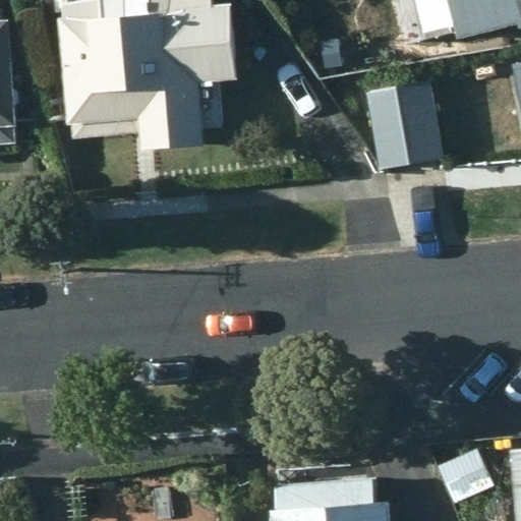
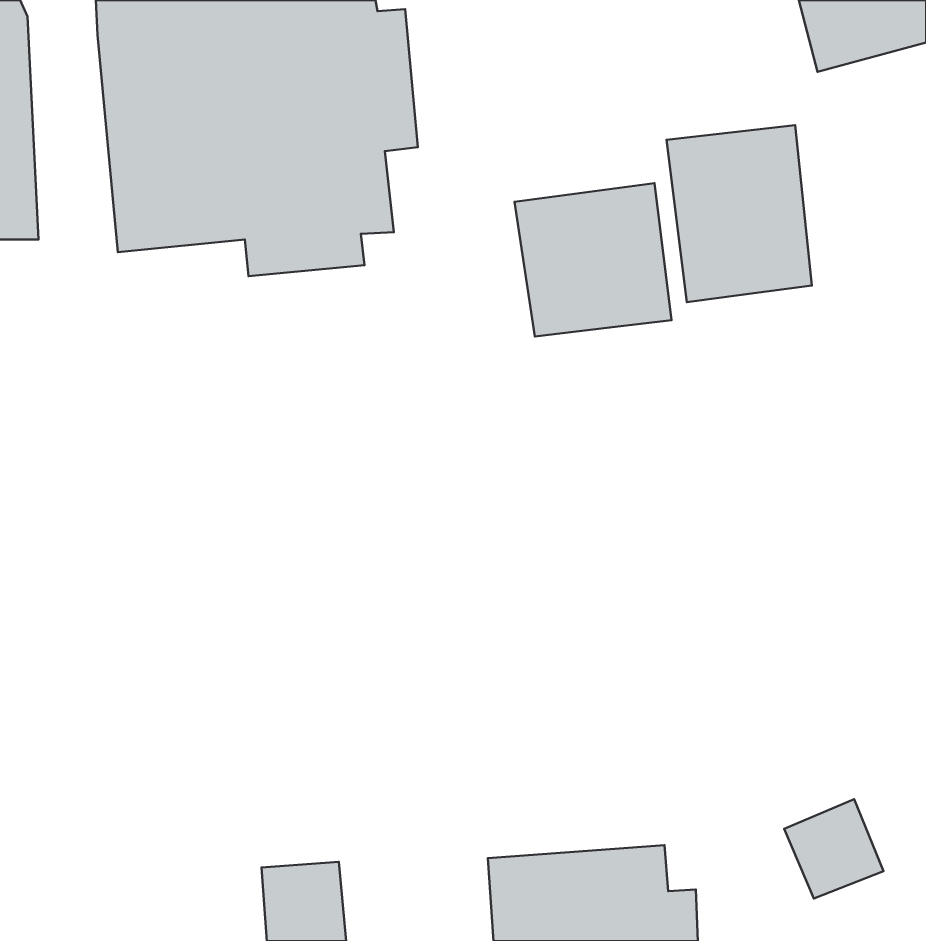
building: none -> [514,183,672,336]

